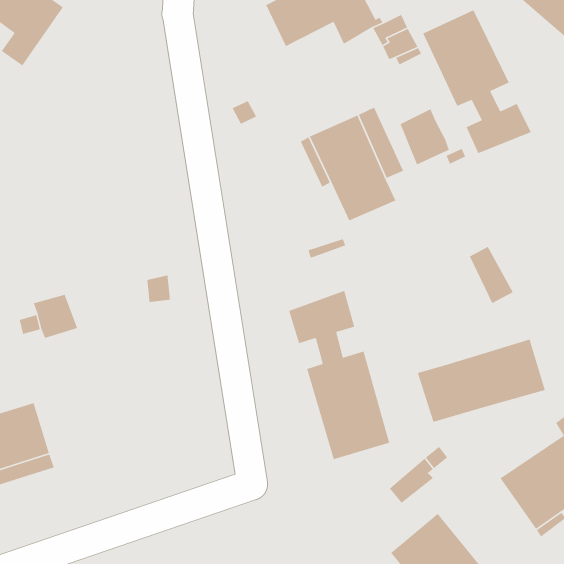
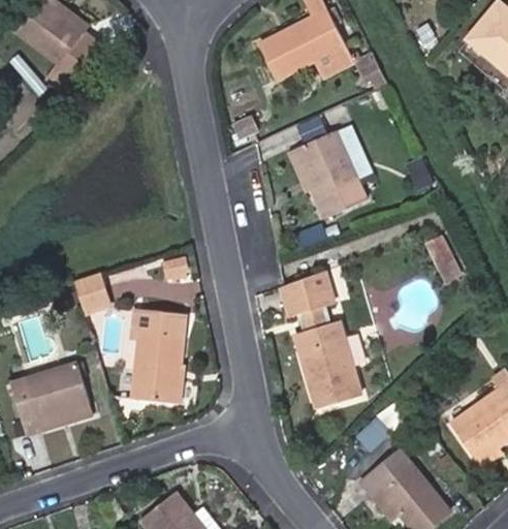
building: [422,9,532,154] -> none
building: [400,108,450,165] -> none
building: [417,338,546,423] -> none
building: none -> [132,311,184,403]

